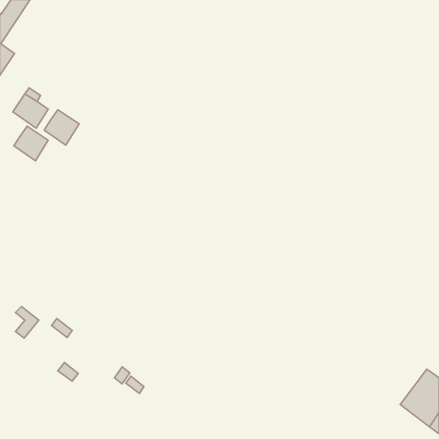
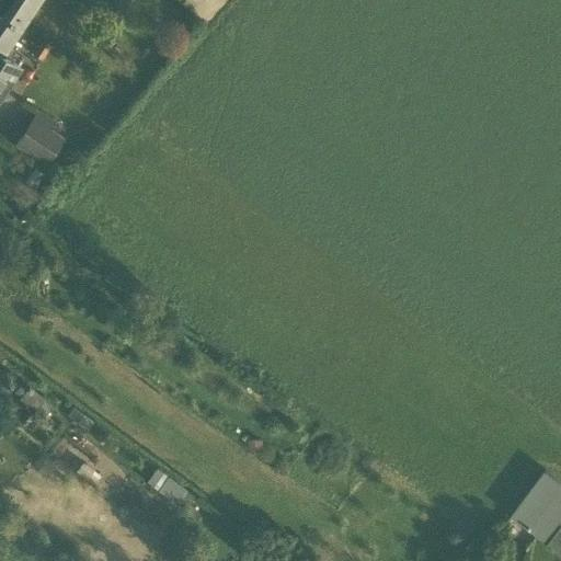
building: [44,110,79,145] -> none
building: [14,126,48,161] -> none

